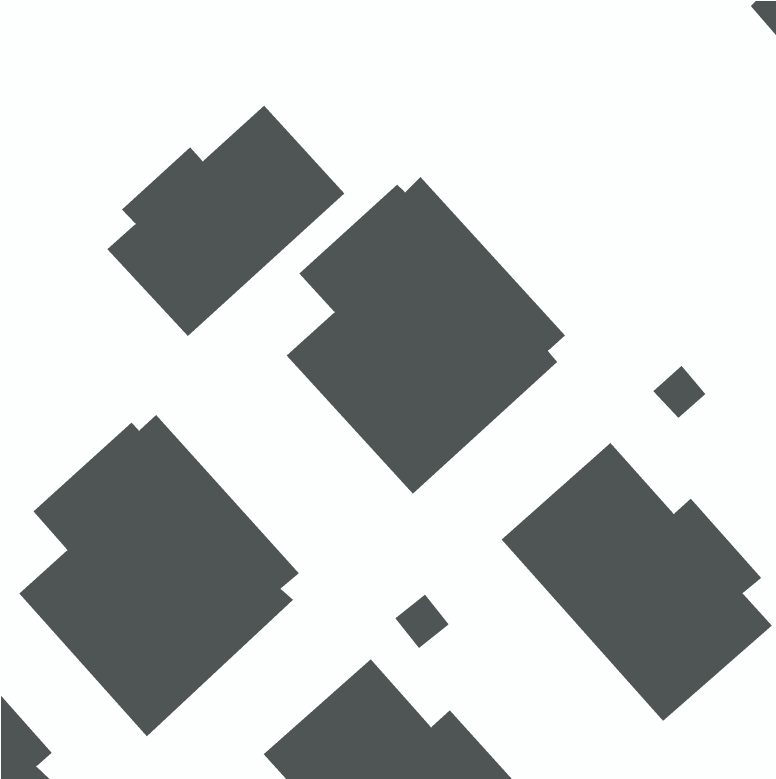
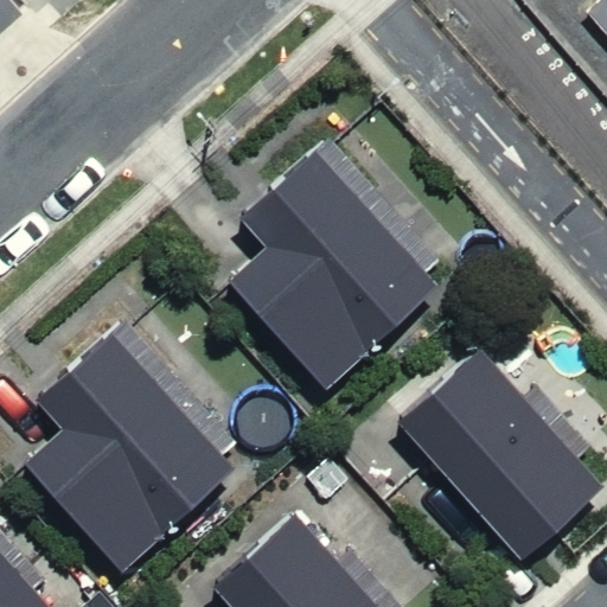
building: [107,105,345,337] -> none

